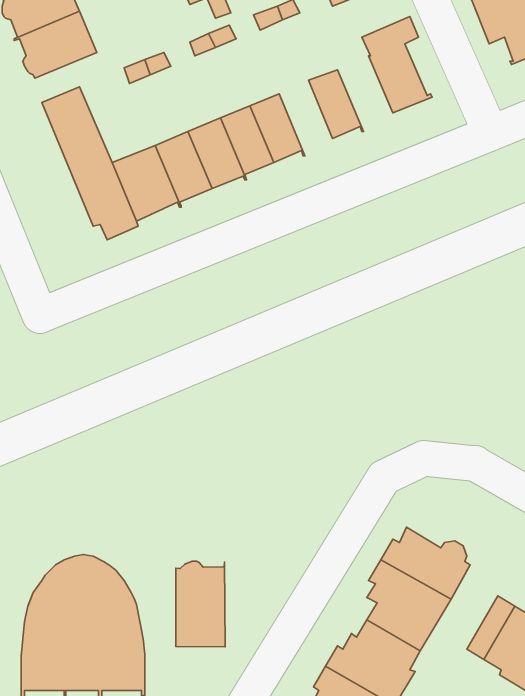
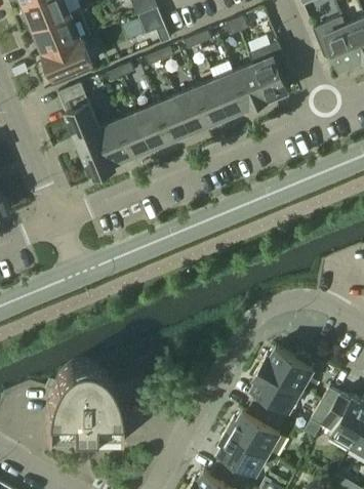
building: none -> [234,67,267,112]
building: none -> [199,81,231,126]
building: [176,561,225,647] -> none

